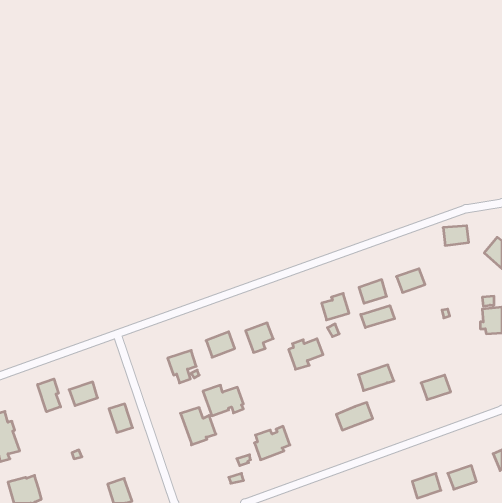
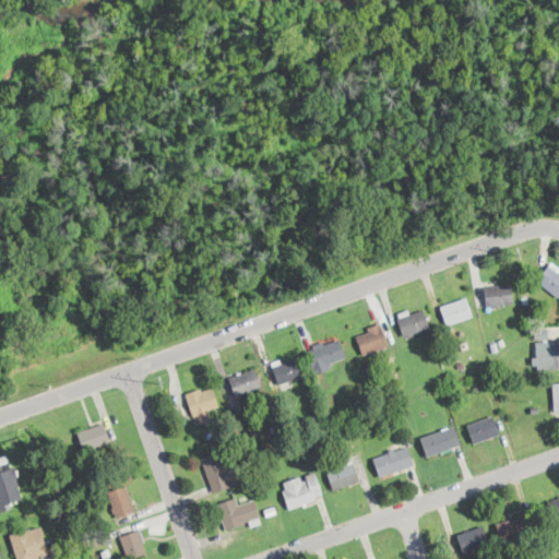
building: [443,226,469,245] -> [484,285,512,307]
building: [361,306,395,328] -> none
building: [289,339,323,369] -> [306,340,344,373]
building: [358,365,394,391] -> [420,428,460,456]
building: [38,379,61,412] -> none
building: [203,385,243,416] -> [215,497,260,531]
building: [109,404,133,432] -> [107,486,133,518]
building: none -> [326,461,357,490]

